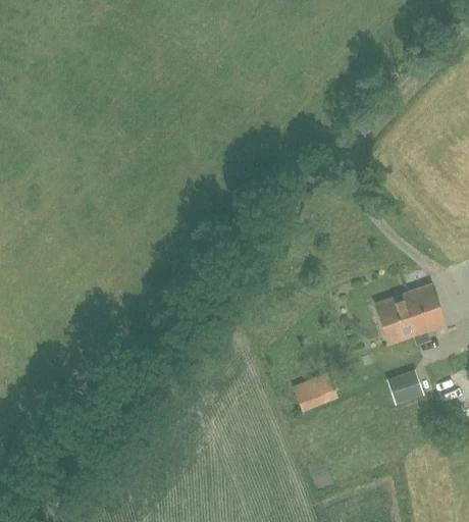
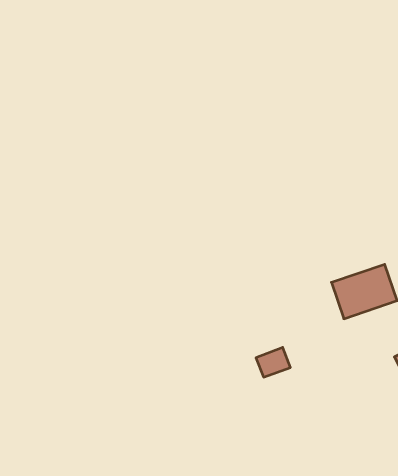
building: [387,371,424,406] -> none

